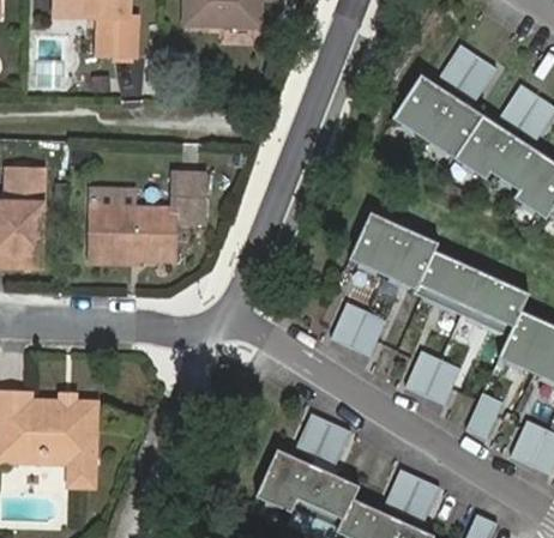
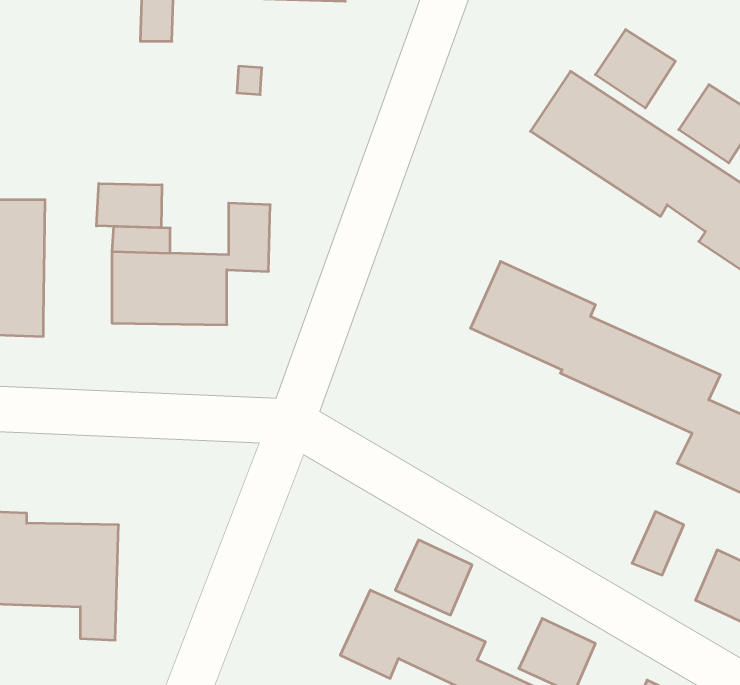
building: none -> [96,183,162,228]
building: [331,302,386,356] -> none
building: [405,350,460,404] -> none

